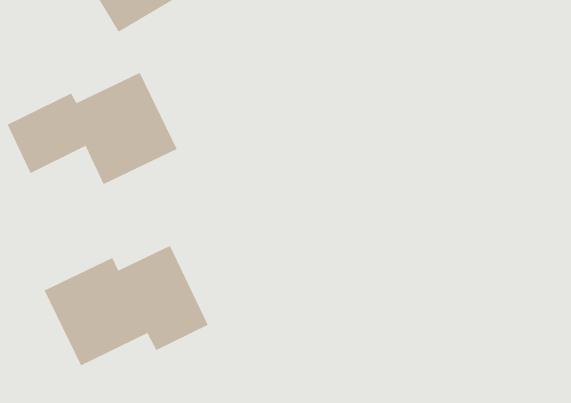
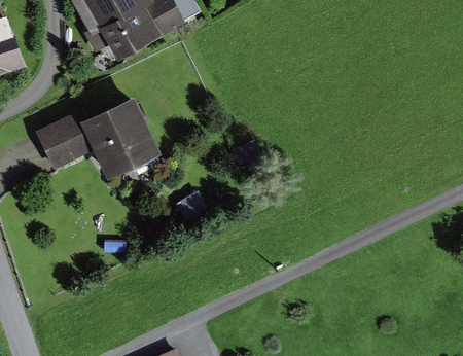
building: [44,245,209,366] -> none

